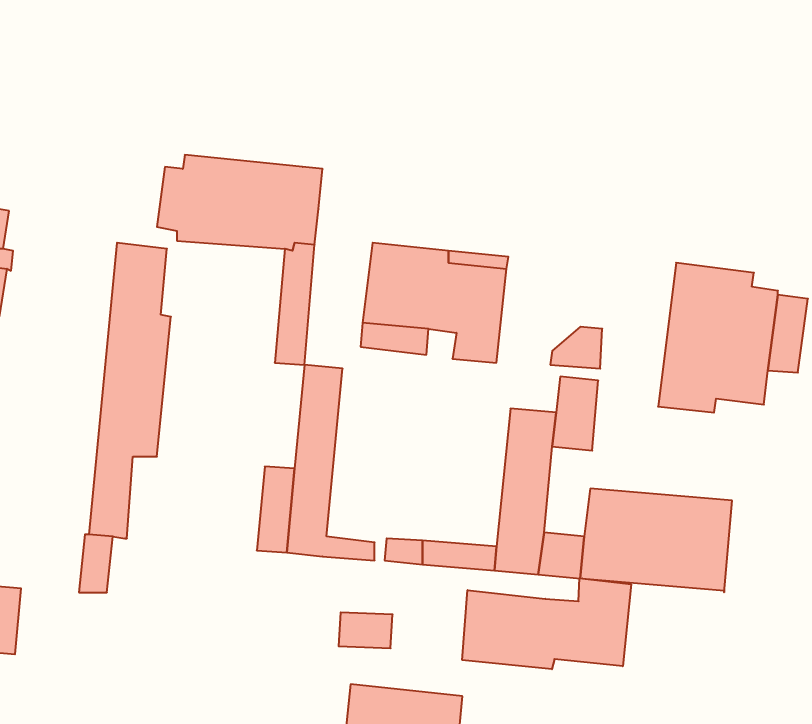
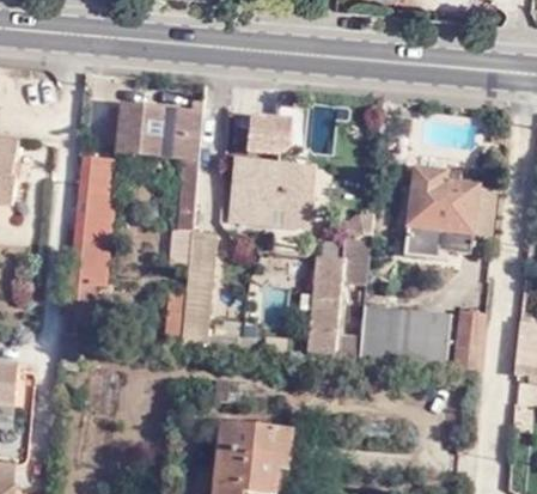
building: none -> [232,112,293,153]
building: none -> [453,310,484,370]
building: [462,578,631,669] -> none

